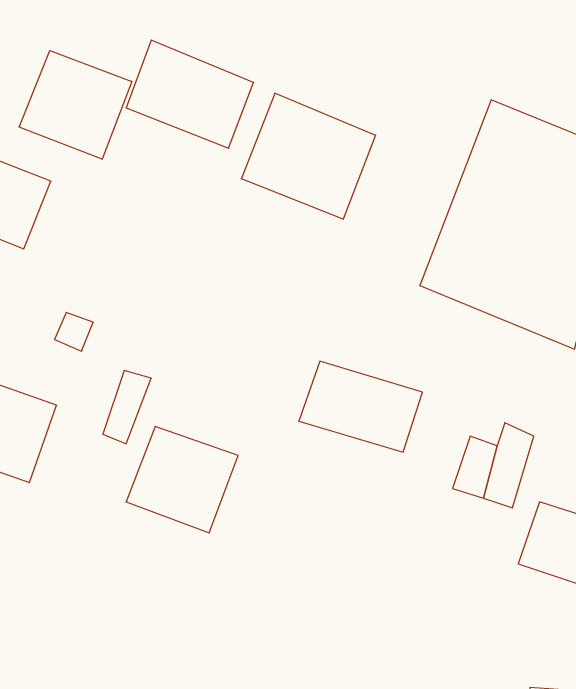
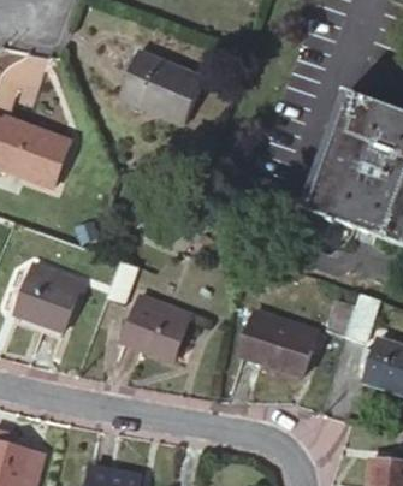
building: [19,51,132,159] -> none
building: [241,93,375,219] -> none
building: [299,361,422,452] -> [237,320,314,377]

